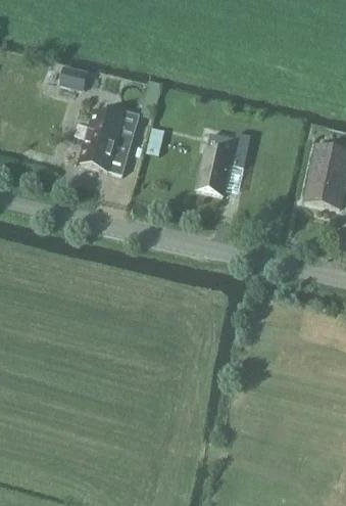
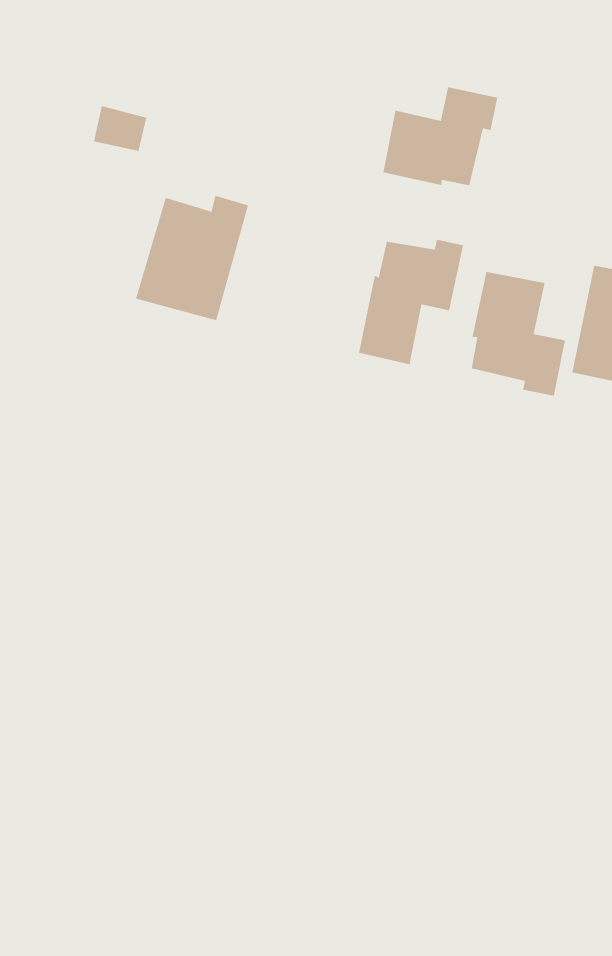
building: none -> [383,87,498,186]
building: none -> [471,271,566,396]

